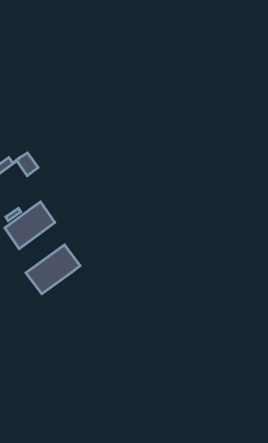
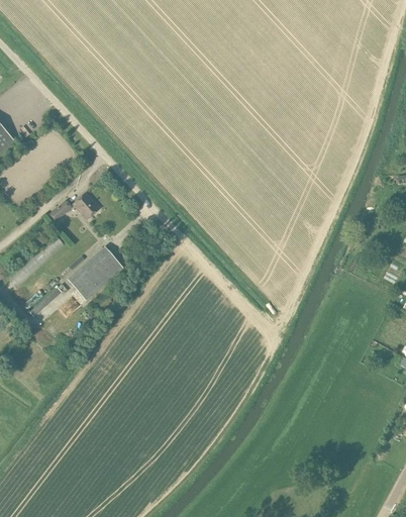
building: [26,245,80,294] -> none

